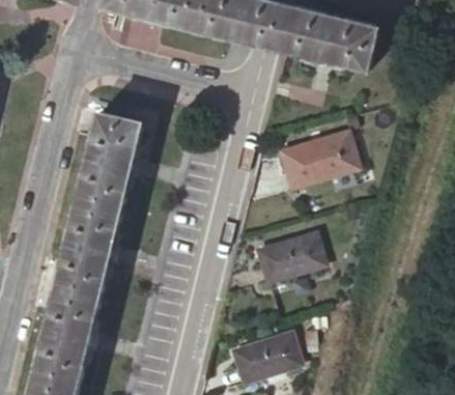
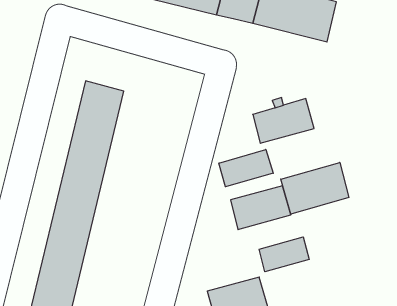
building: none -> [219,149,273,187]
building: none -> [281,162,349,214]
building: none -> [259,237,309,272]

